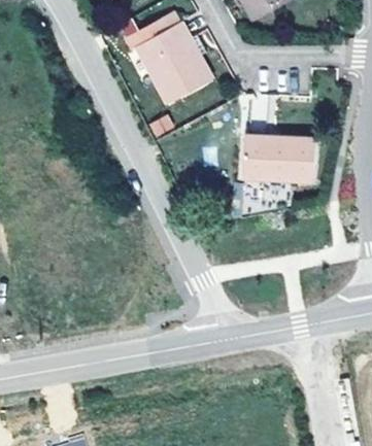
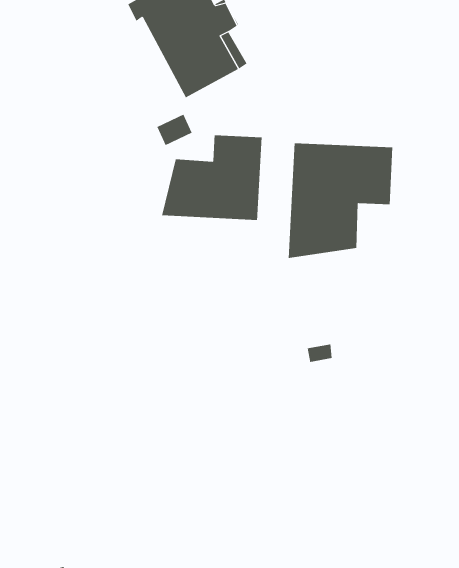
building: none -> [161,134,262,221]

